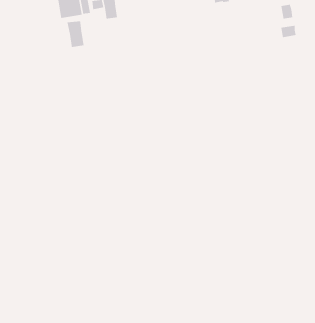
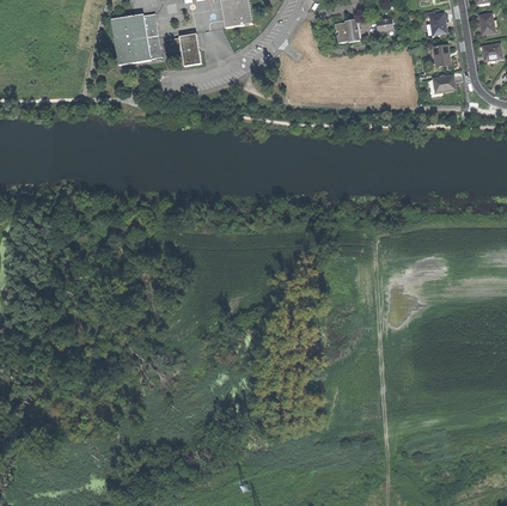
building: [67,20,84,48] -> none

